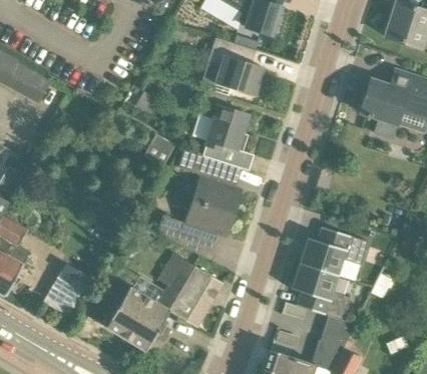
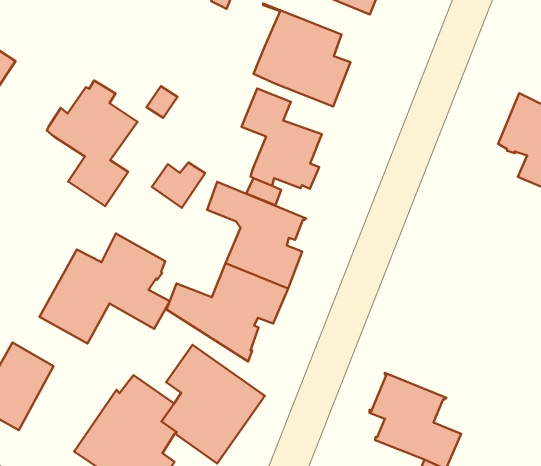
building: none -> [47,80,137,206]
building: none -> [39,234,170,344]
building: [299,227,368,276] -> none

